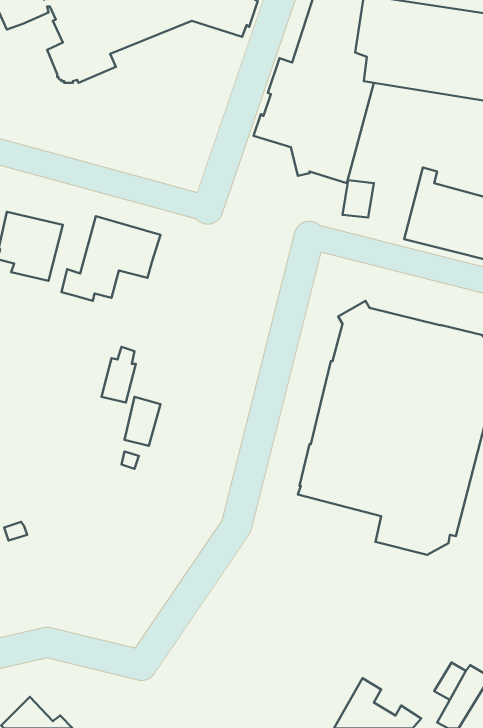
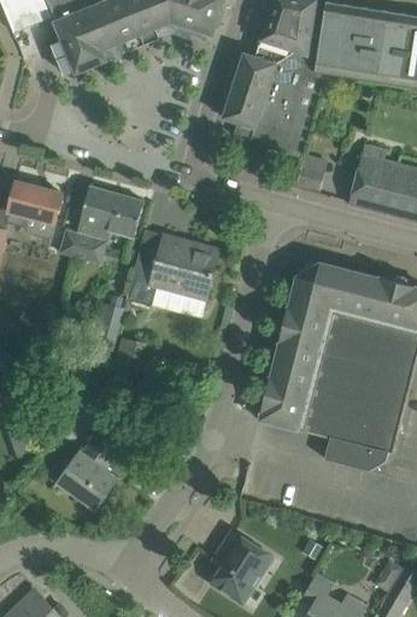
building: none -> [125,233,217,305]
building: none -> [55,421,127,510]
building: none -> [211,529,271,601]

